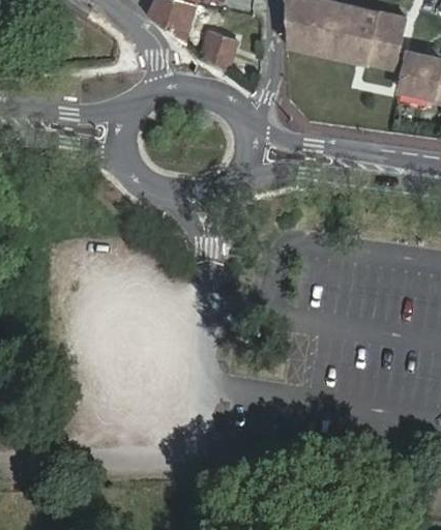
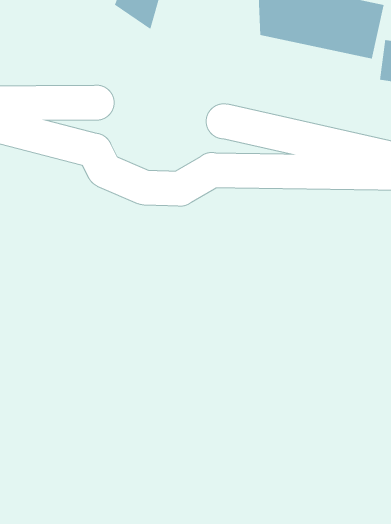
building: [202,23,236,70] -> none

